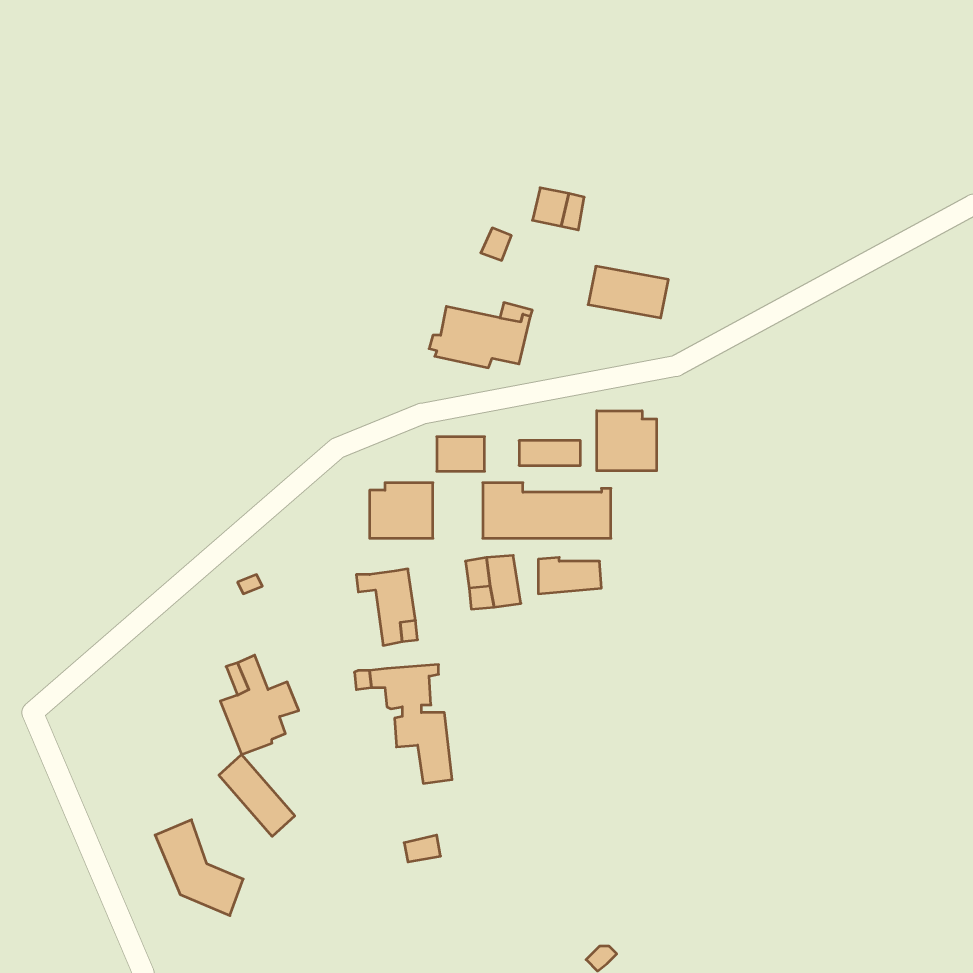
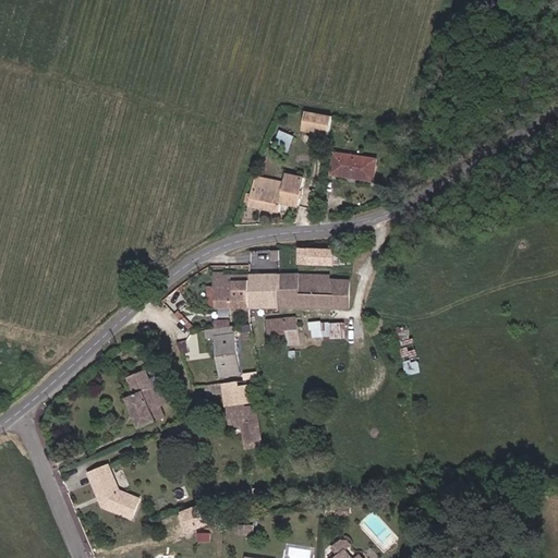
building: [597,411,657,471] -> none
building: none -> [246,275,275,306]
building: [219,755,295,836] -> none

